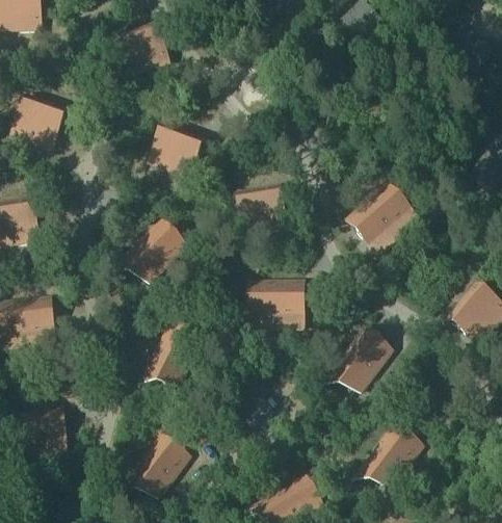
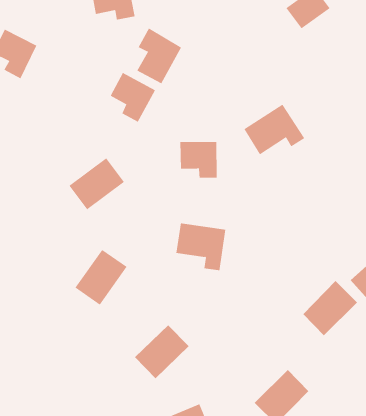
building: none -> [136,27,182,84]
building: [349,182,419,242] -> [244,104,305,155]
building: [331,328,390,391] -> [302,280,358,336]
building: [128,435,187,497] -> [134,324,189,379]

